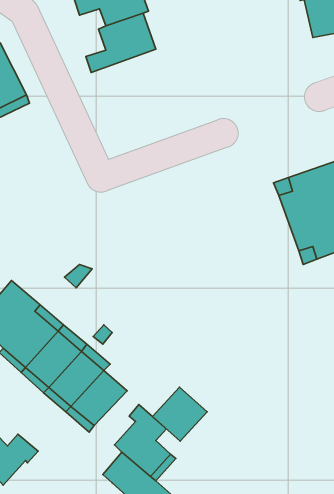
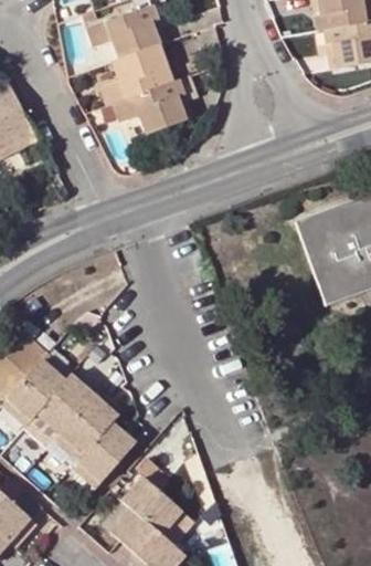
building: none -> [96,82,189,136]
building: [153,387,207,441] -> none

